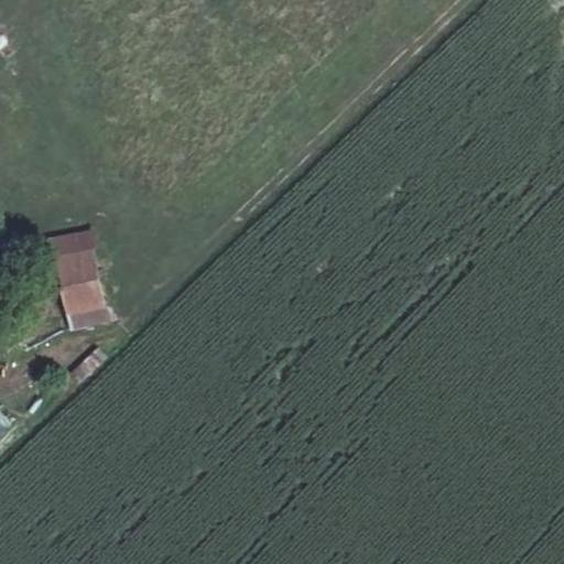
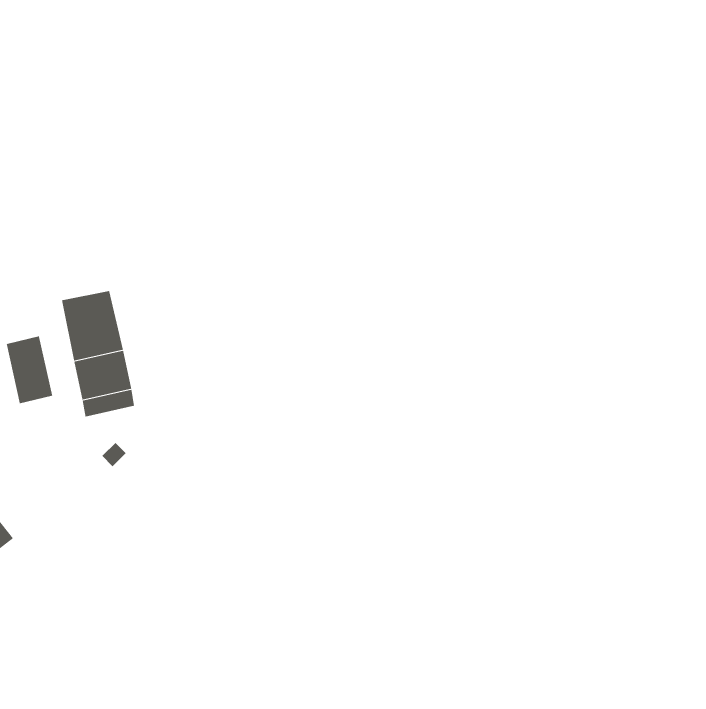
building: none -> [6,336,53,404]

